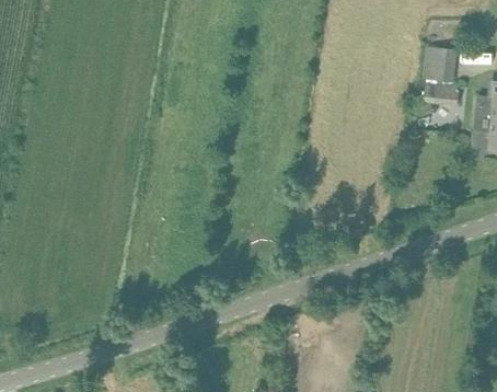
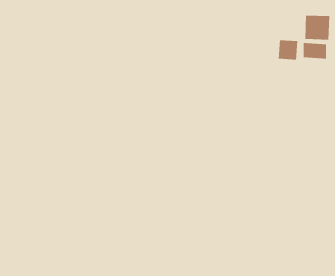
building: none -> [278,39,298,60]

